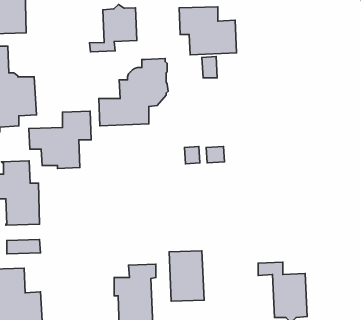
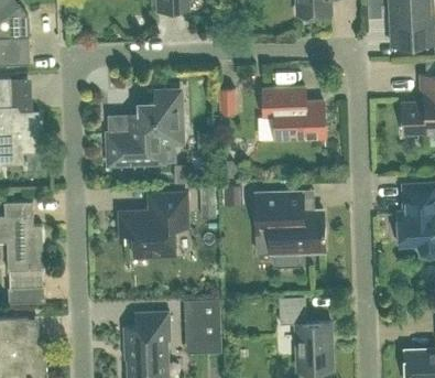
building: [90,5,137,52] -> none
building: [179,7,236,55] -> [263,87,325,139]
building: [29,111,91,169] -> [120,194,187,256]
building: none -> [255,192,325,267]

